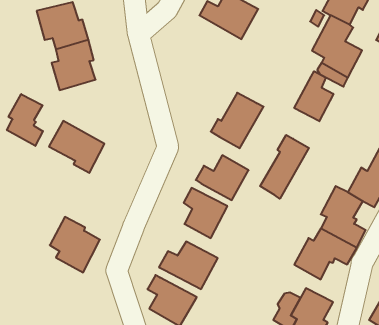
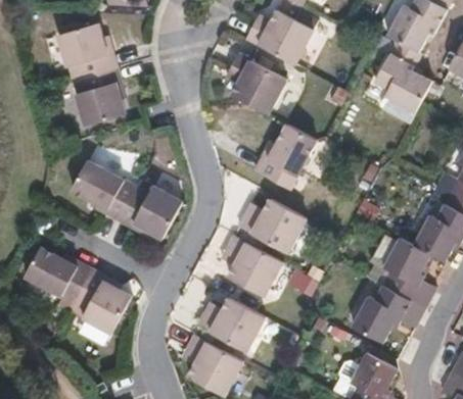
building: none -> [228,54,285,115]
building: [294,71,333,121] -> none
building: [7,94,43,146] -> none
building: [260,135,309,199] -> none
building: none -> [117,185,181,239]
building: none -> [20,248,88,304]

